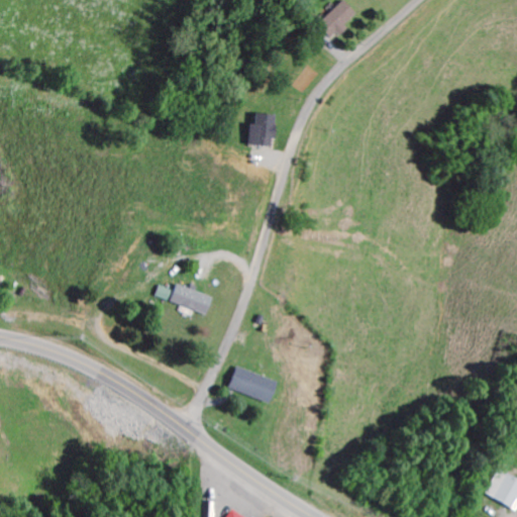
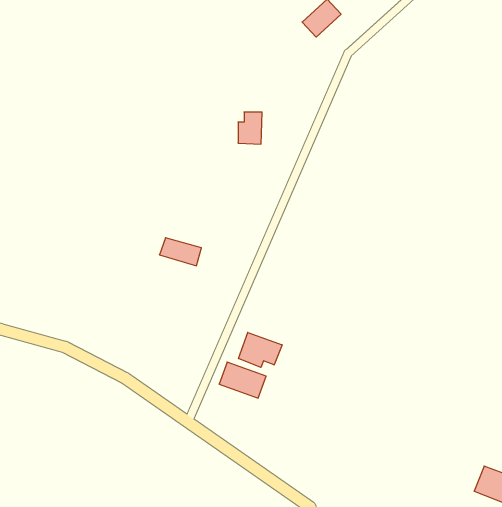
building: [168,285,210,313] -> [159,238,201,266]
building: none -> [239,332,282,367]

